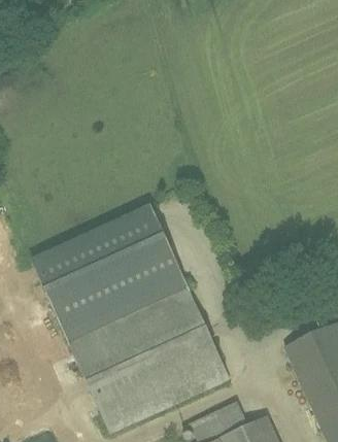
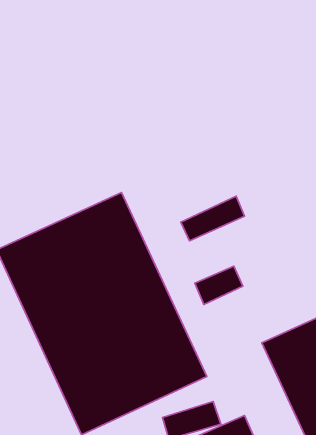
building: none -> [181,196,245,241]
building: none -> [195,266,243,305]

